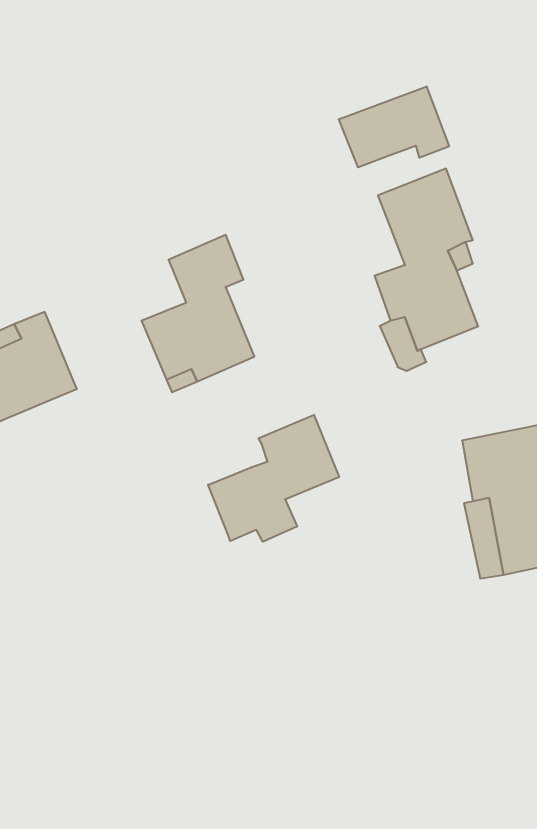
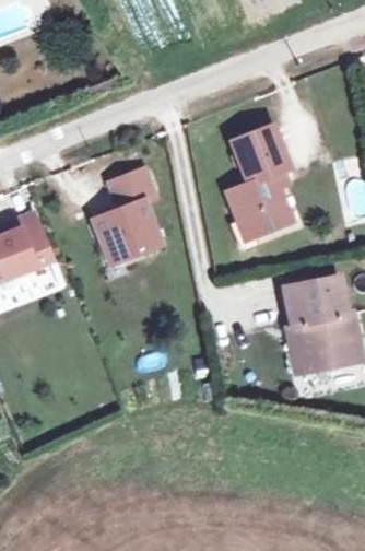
building: [339,86,449,167] -> none
building: [208,415,339,542] -> none

